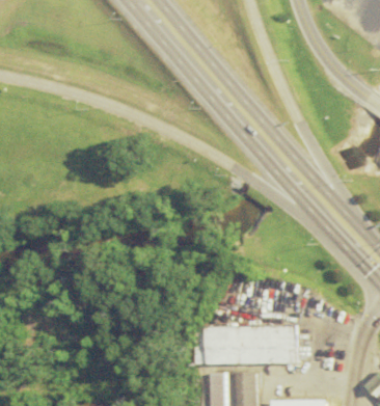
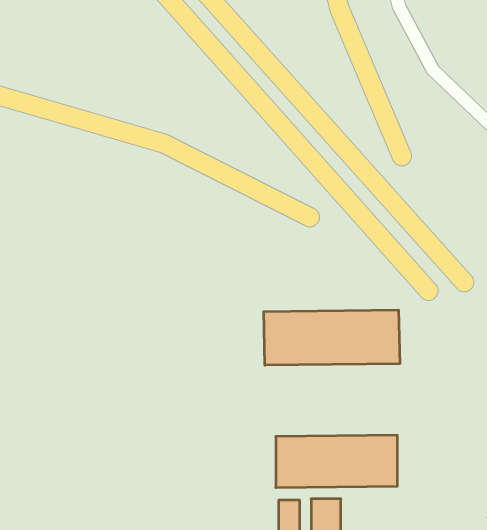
building: none -> [264,310,400,365]

